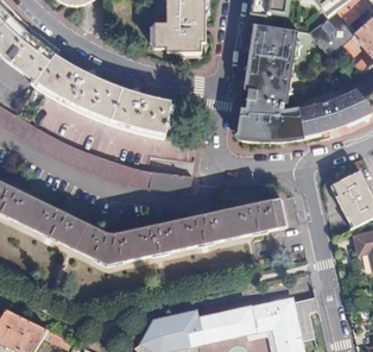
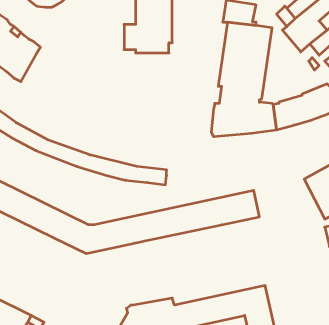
building: [39,56,166,137] -> none

